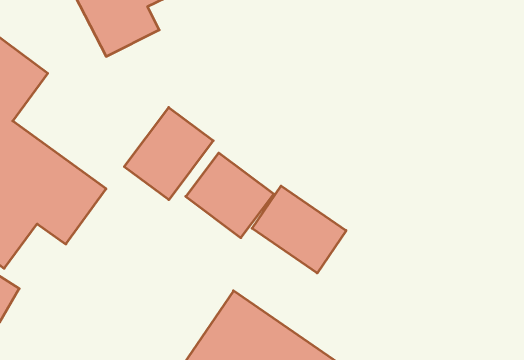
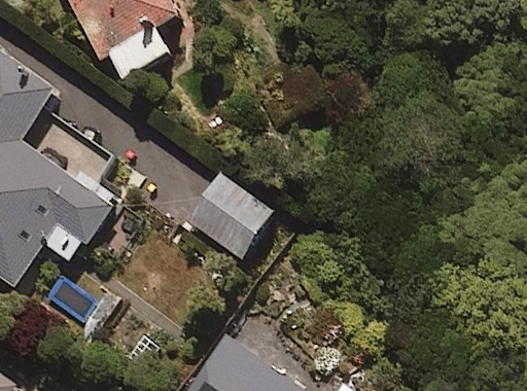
building: [124,107,213,200] -> none
building: [252,186,346,273] -> none

